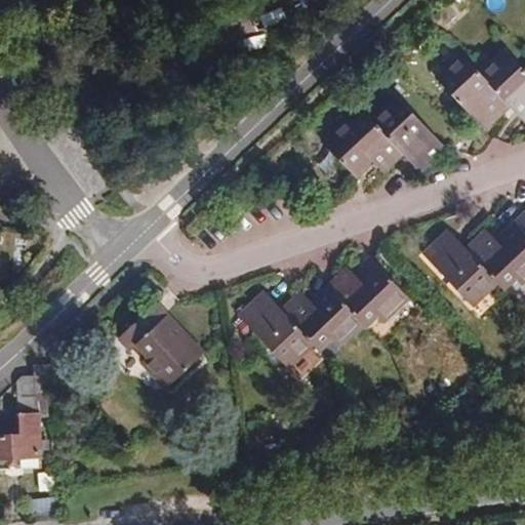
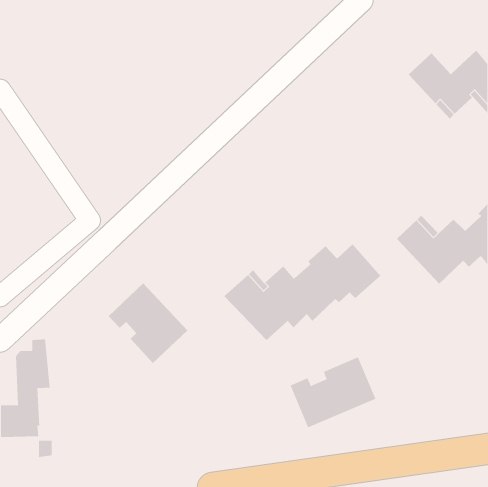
building: [322,98,445,175] -> none
building: none -> [290,356,376,428]

